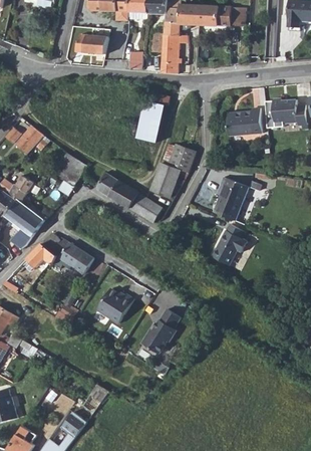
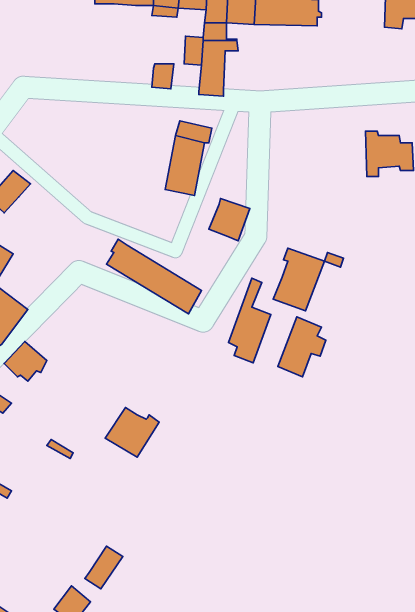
building: [75,35,108,55] -> none
building: [229,107,262,134] -> none
building: [151,146,181,204] -> [228,278,271,363]
building: [52,154,85,186] -> none
building: [41,233,93,274] -> none
building: [140,309,179,355] -> none

